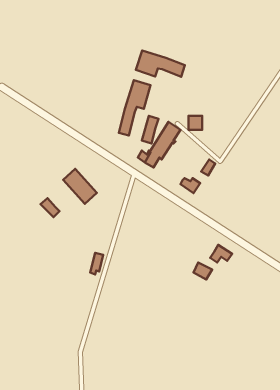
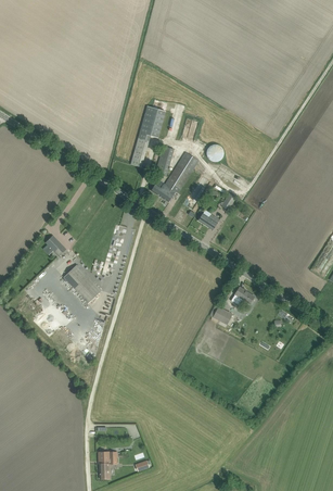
building: [136,50,185,77] -> none
building: [63,169,97,204] -> [64,264,101,302]

